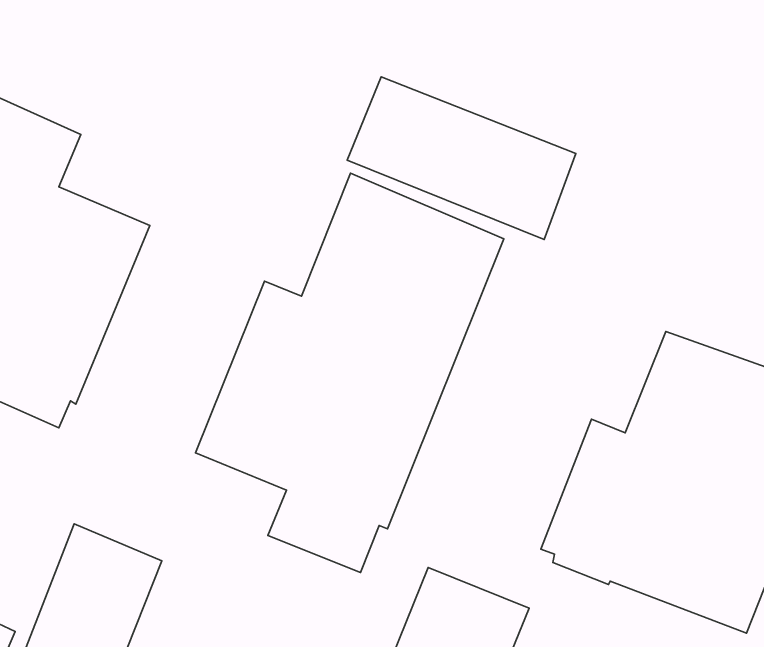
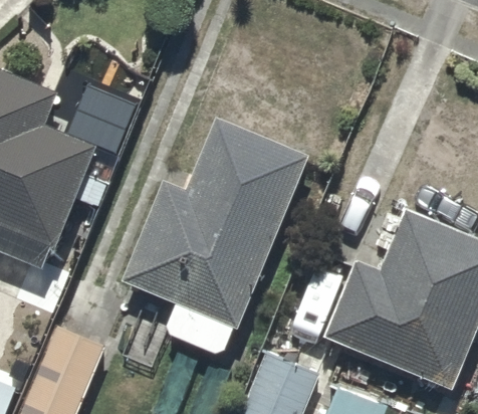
building: [347,77,576,240] -> none

